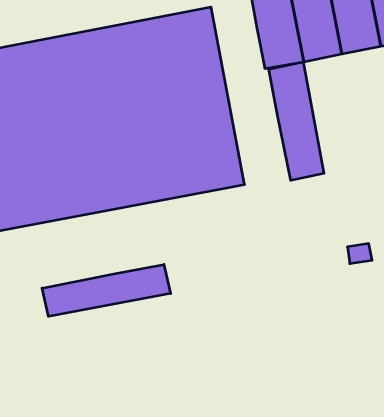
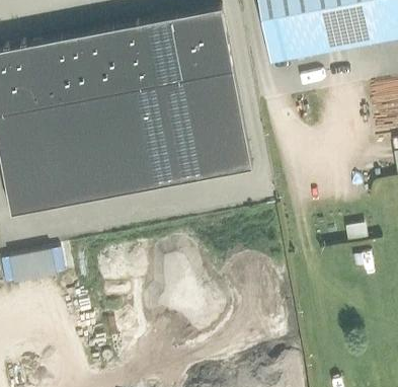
building: [269,62,324,180] -> none
building: [42,264,171,316] -> none

